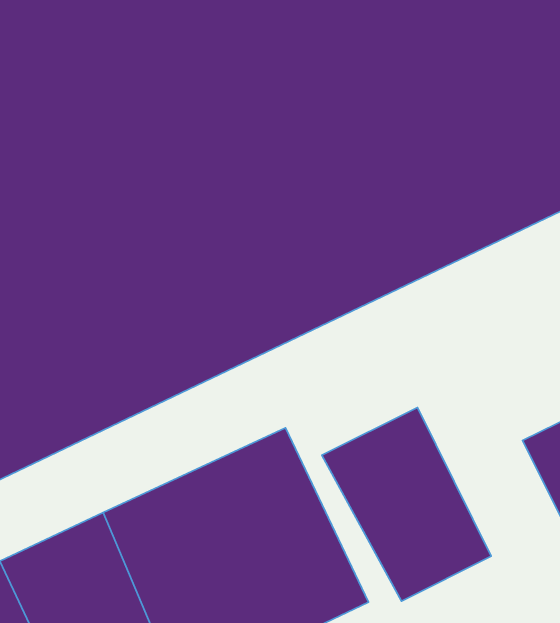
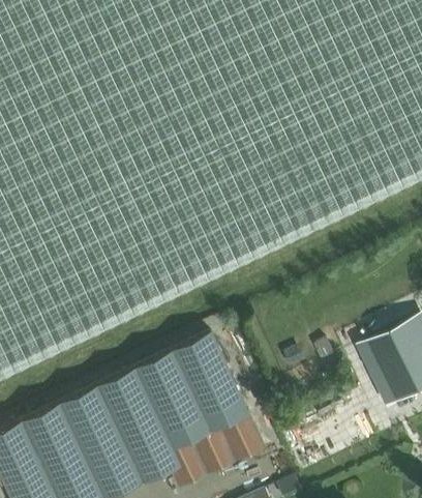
building: [322,407,491,601] -> none

